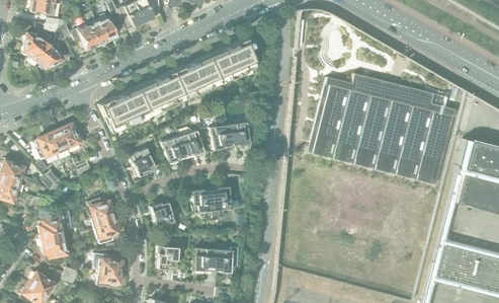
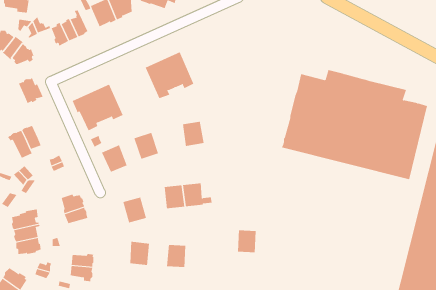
building: [207,39,258,87] -> none
building: [137,71,186,119] -> none
building: [228,122,250,147] -> none
building: [60,123,85,149] -> [18,78,43,104]
building: [179,131,203,157] -> none
building: [92,222,119,249] -> none
building: [213,249,232,273] -> [237,230,256,253]

